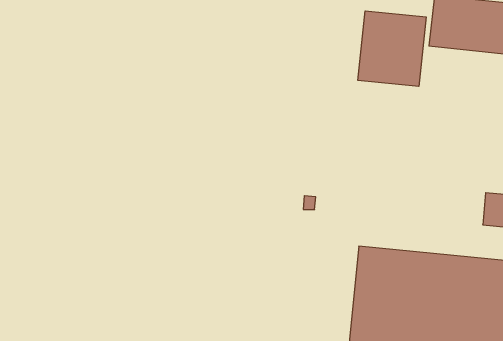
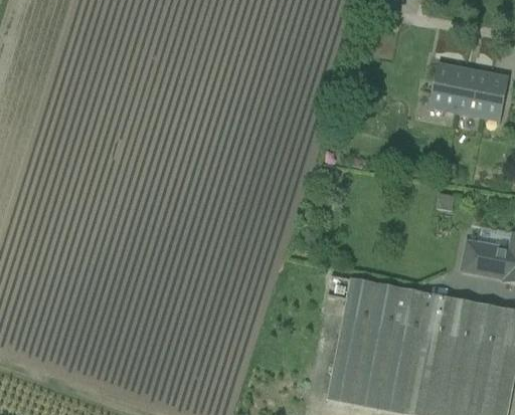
building: [358,11,426,86] -> none

